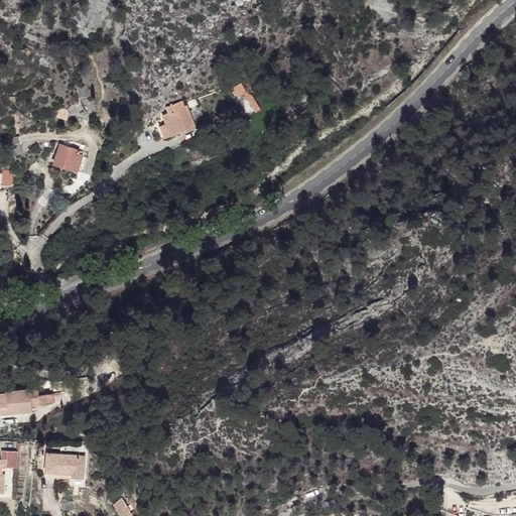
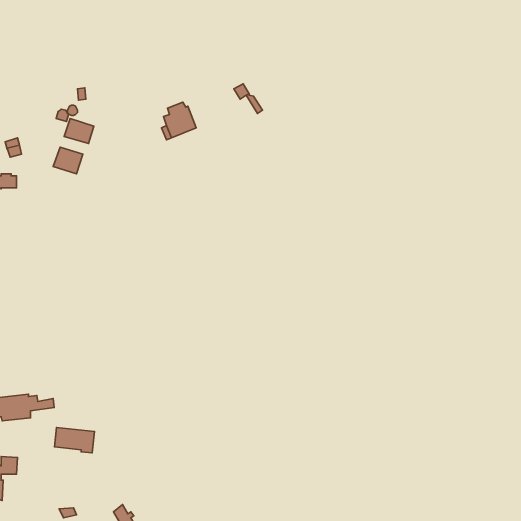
building: none -> [64,118,94,143]
building: [44,454,84,479] -> [55,427,94,453]

